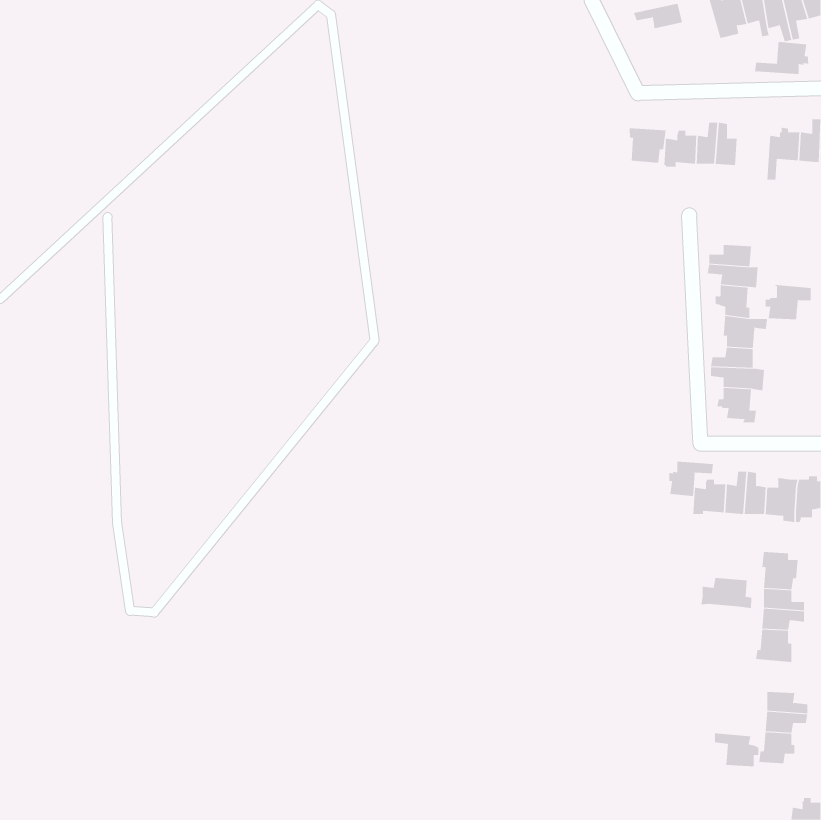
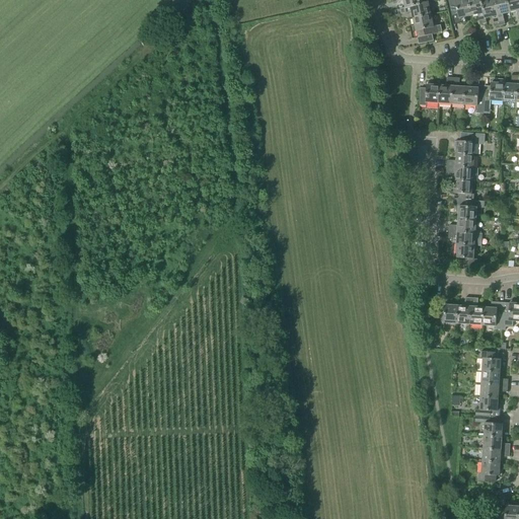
building: none -> [410,14,442,44]
building: [754,41,809,75] -> none
building: [629,128,666,163] -> none
building: none -> [464,85,486,114]
building: [765,285,811,320] -> [454,133,484,155]
building: [669,461,713,497] -> none
building: [701,577,752,609] -> none
building: [714,733,759,767] -> [476,416,505,437]

